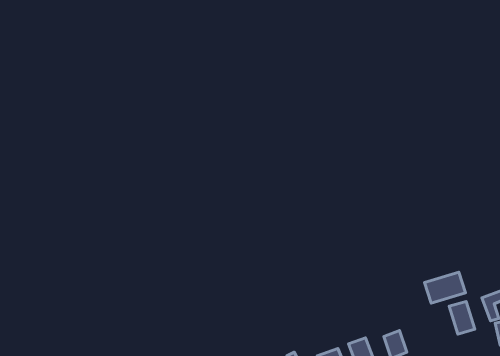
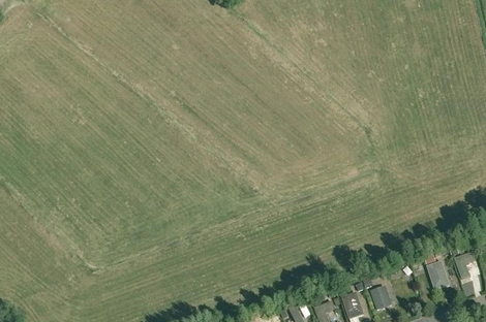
building: [425,272,465,303] -> none

